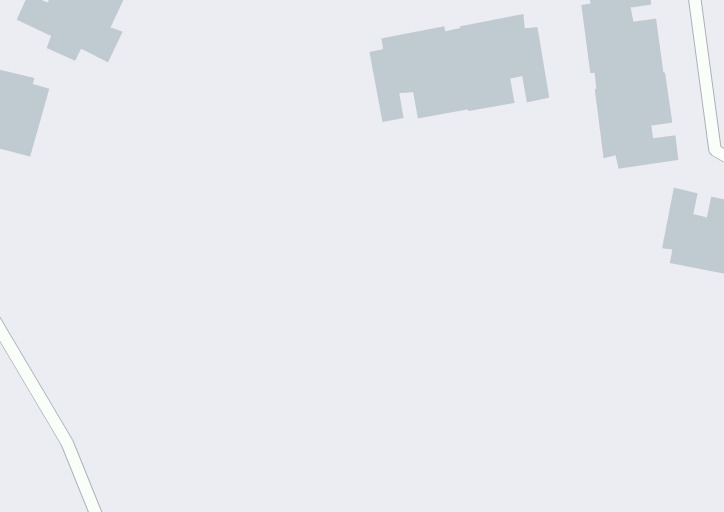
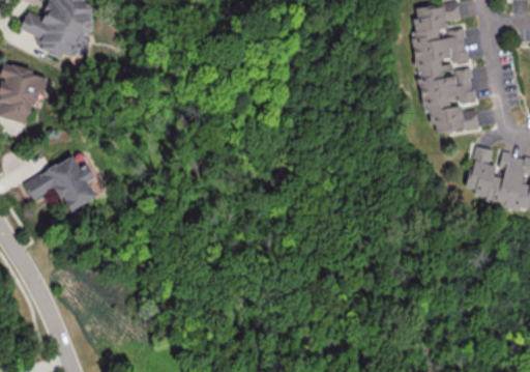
building: [369,13,550,123] -> none
building: none -> [23,156,96,210]

